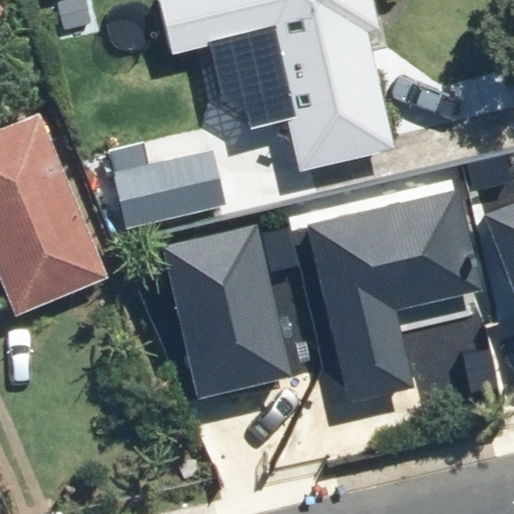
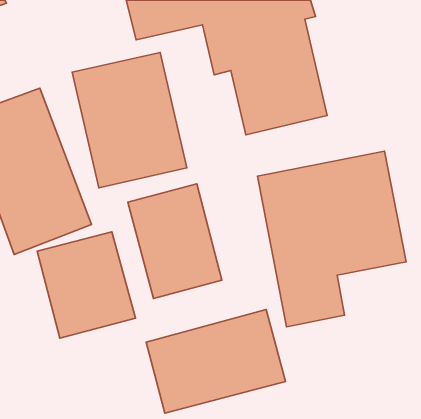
building: none -> [37,232,135,338]
building: none -> [146,310,285,413]

